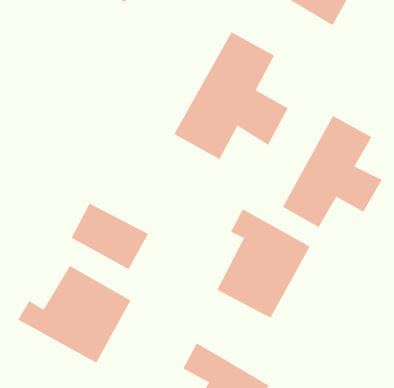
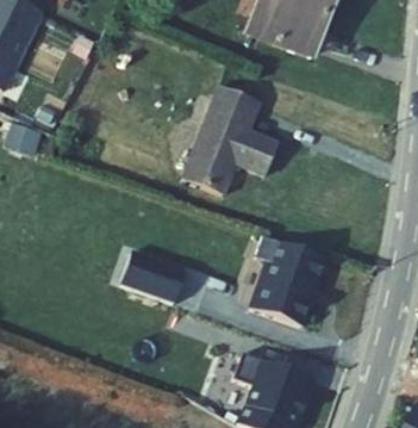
building: [282,115,382,228] -> none
building: [18,265,131,363] -> none

